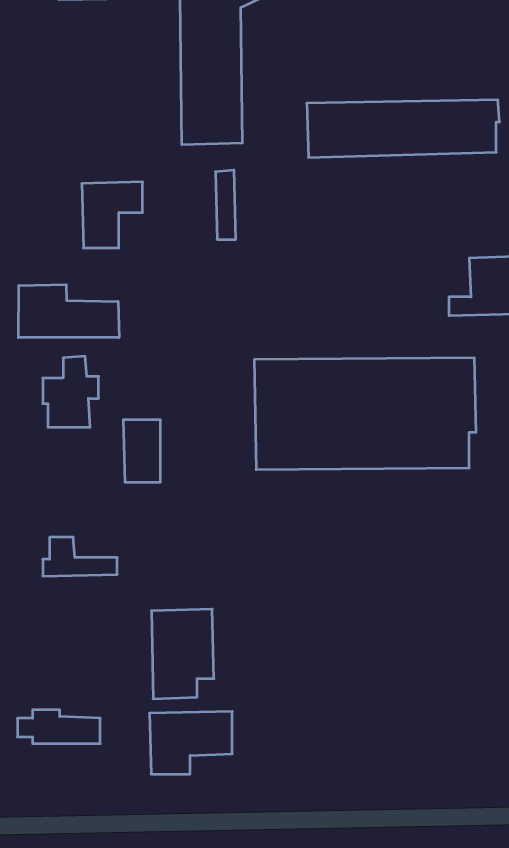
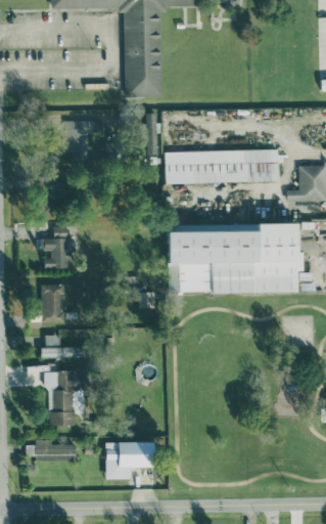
building: [307,100,500,157] -> [165,149,281,184]
building: [18,285,119,338] -> none
building: [123,420,160,482] -> [41,285,63,322]
building: [151,609,214,699] -> [46,370,84,425]

